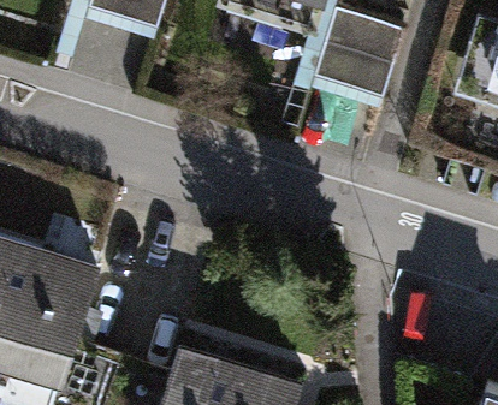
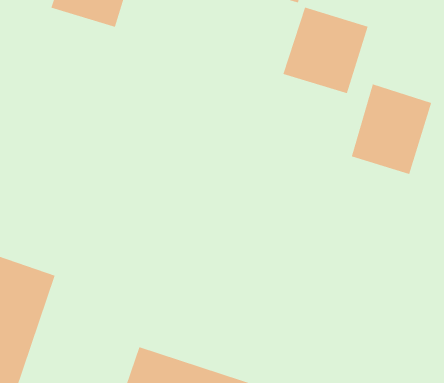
building: none -> [351,84,432,175]

